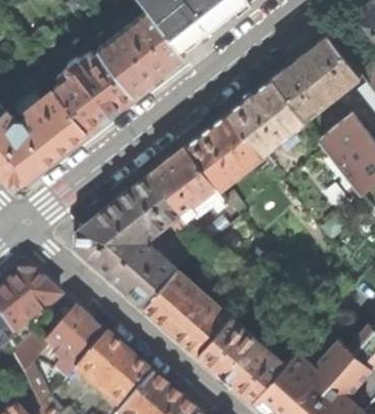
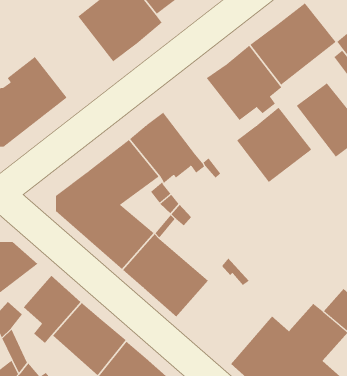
building: [56,53,135,131] -> none
building: [186,112,263,189] -> [236,107,312,183]
building: [200,317,286,401] -> none

